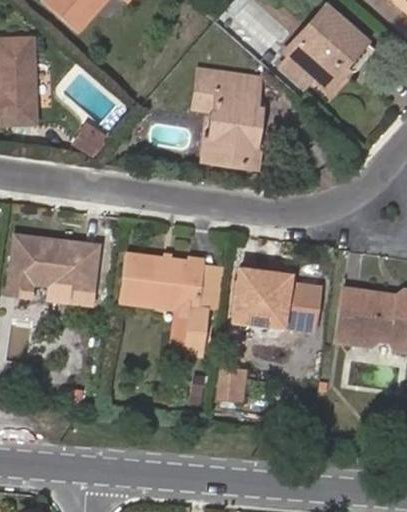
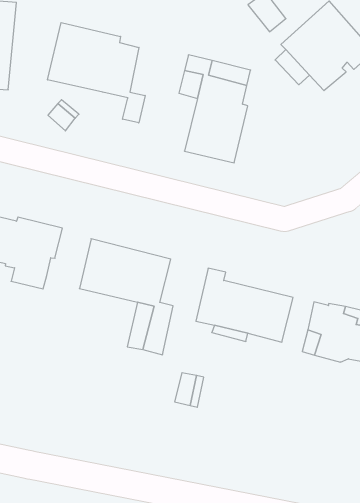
building: none -> [48,23,145,123]
building: [197,263,222,308] -> none

